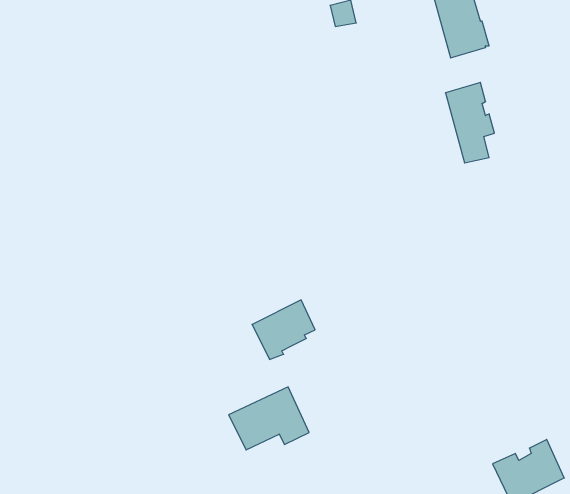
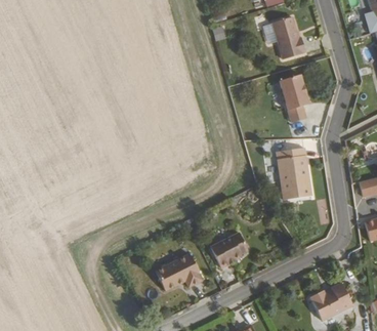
building: none -> [277,144,310,199]
building: [252,300,315,359] -> [208,232,245,266]

